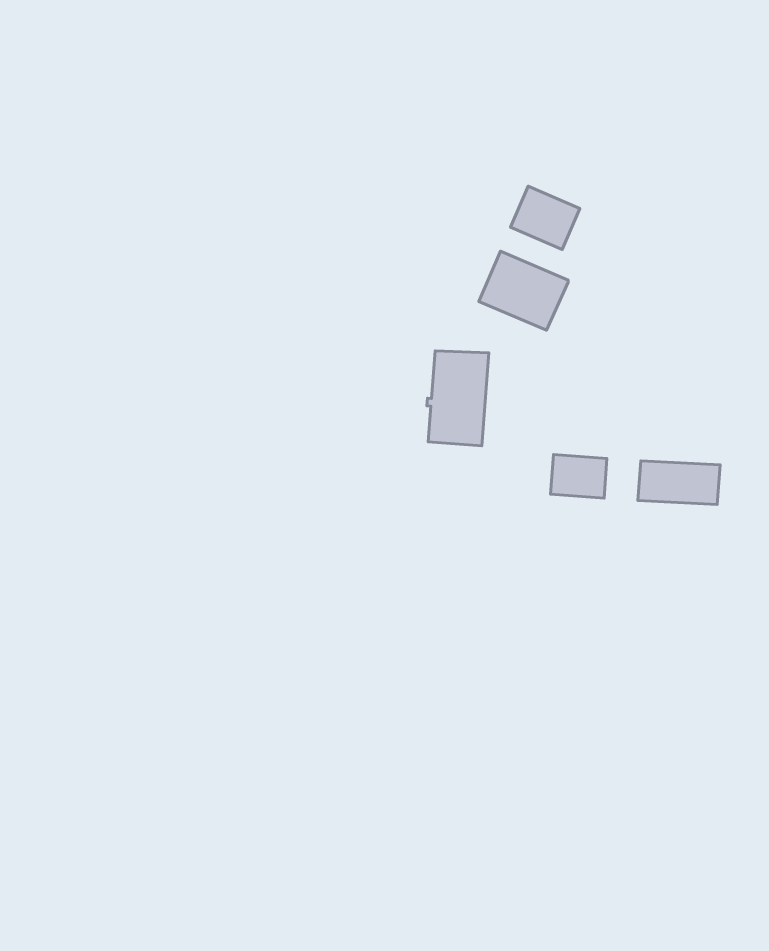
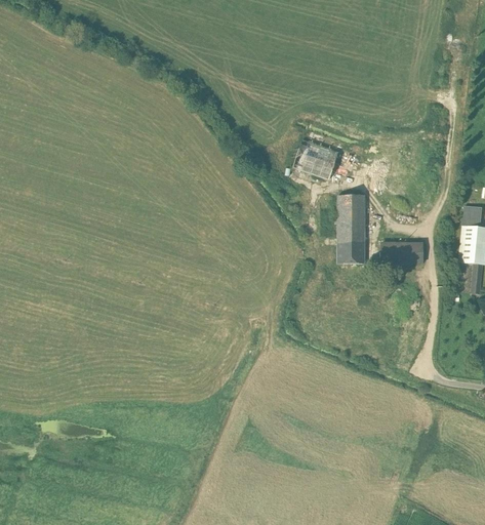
building: [511,186,580,249] -> none
building: [427,351,489,446] -> [336,194,366,242]

